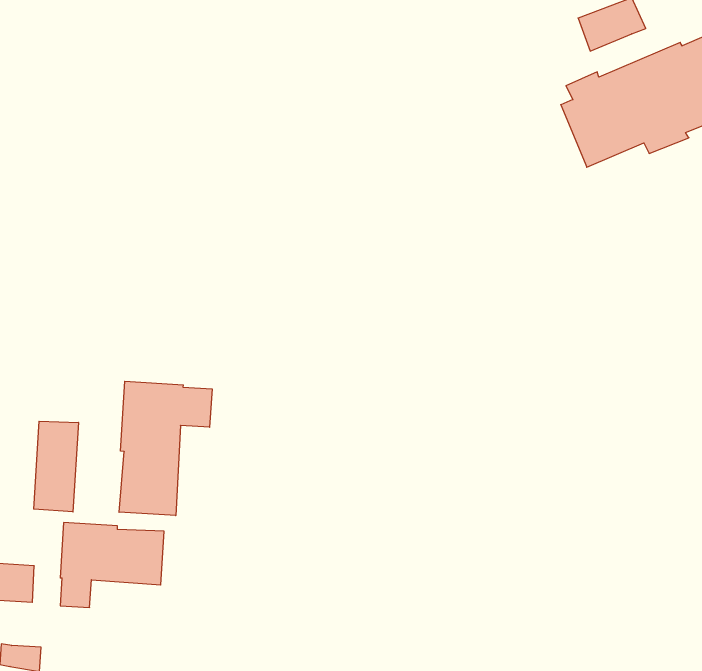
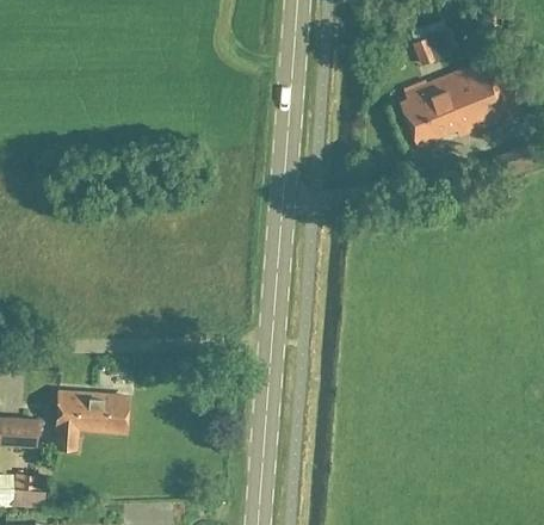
building: [119,381,212,516] -> none
building: [34,421,78,512] -> none

